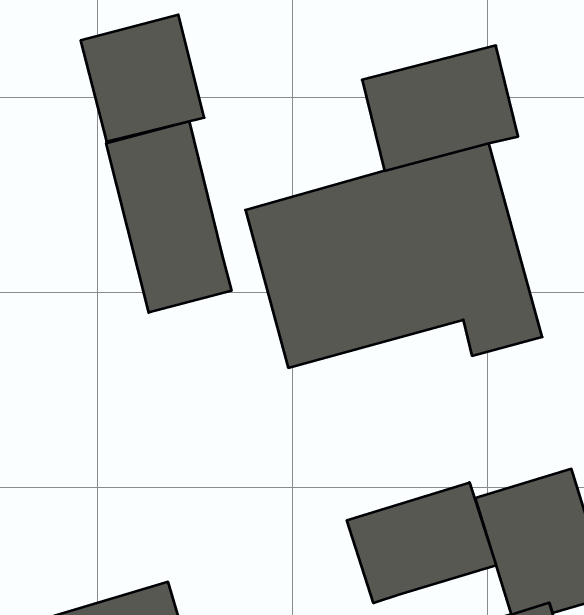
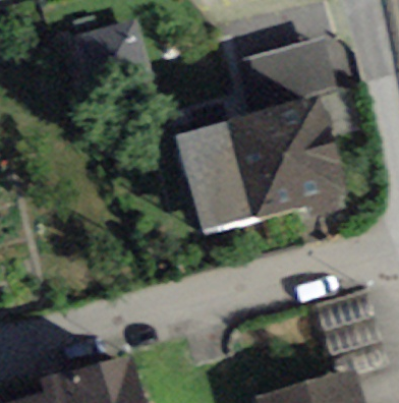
building: [106,121,231,313] -> none
building: [347,482,496,603] -> none

